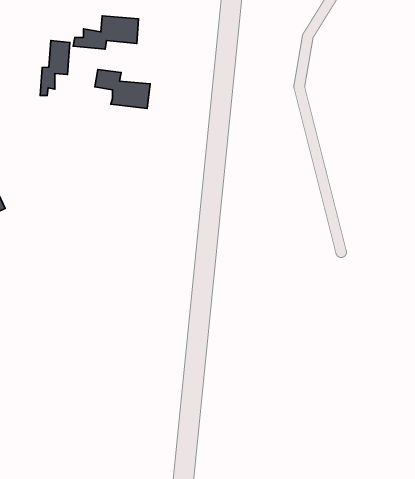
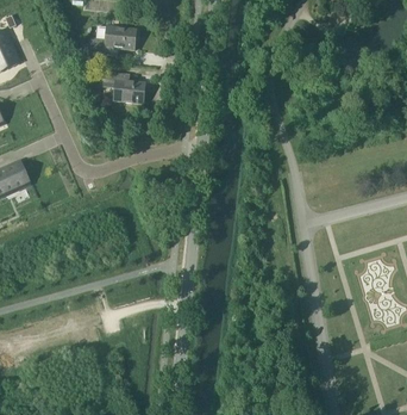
building: [40,40,70,96] -> none

